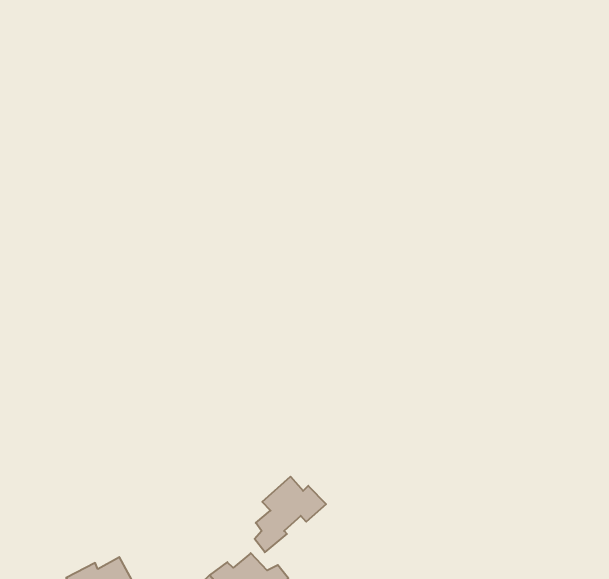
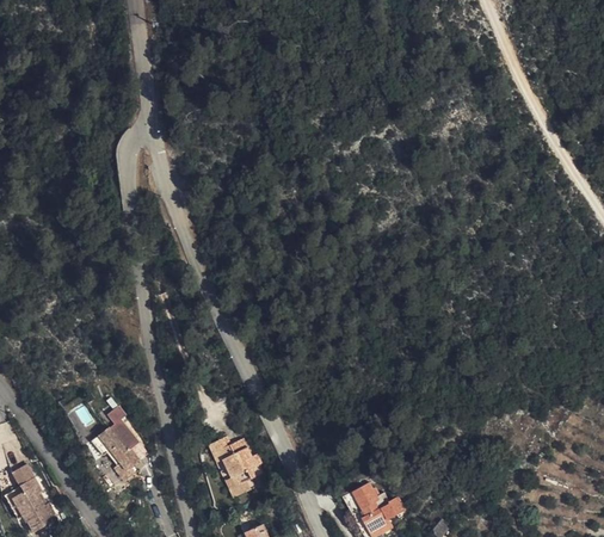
building: [255,477,326,552] -> none

